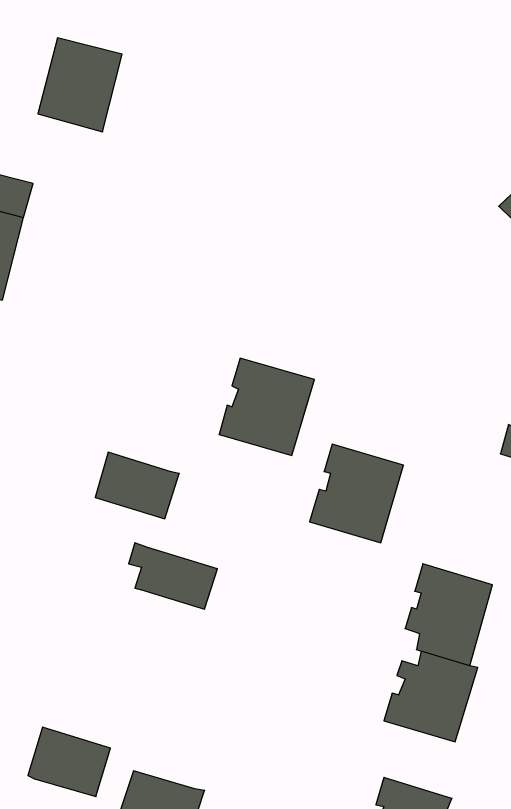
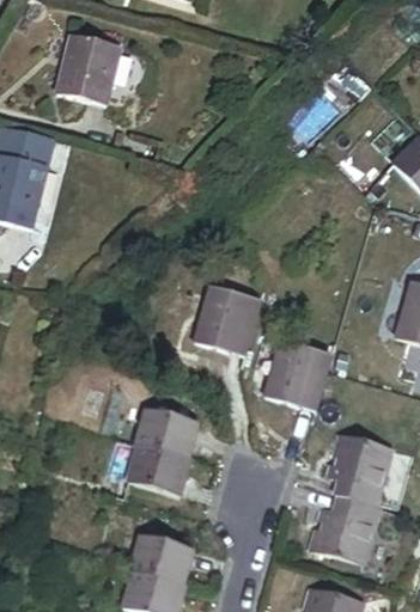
building: [95,452,179,519] -> [124,447,187,496]
building: [28,727,110,797] -> [123,543,184,594]

